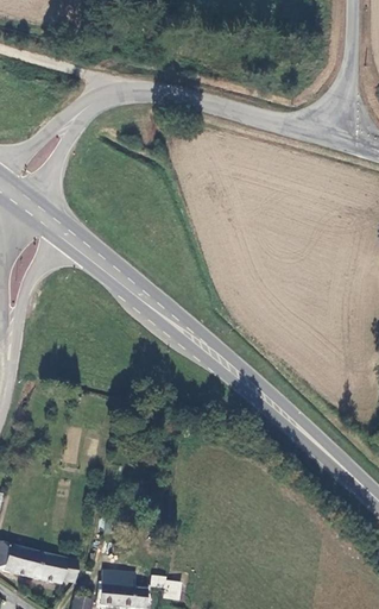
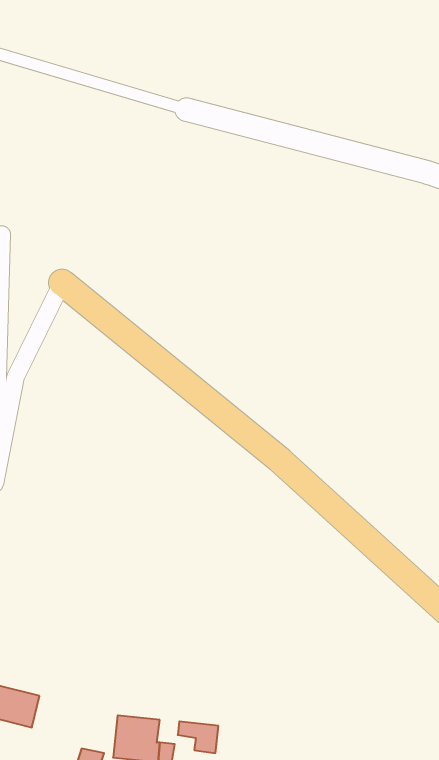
building: [34,554,80,585] -> none

